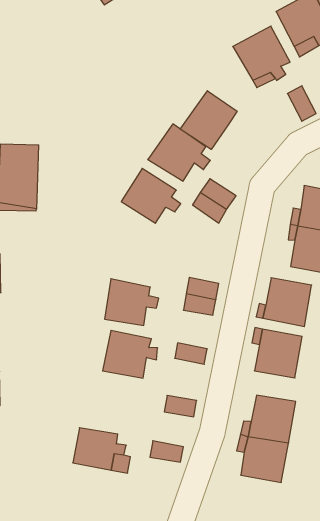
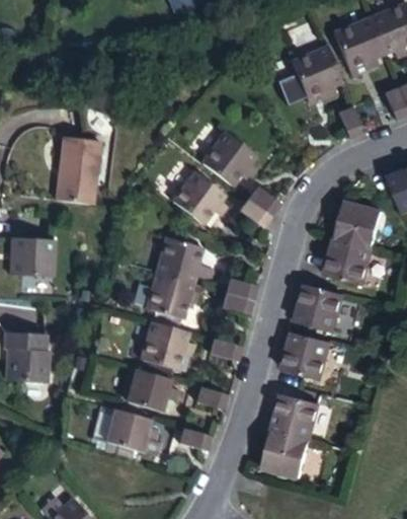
building: [180,91,237,149] -> none
building: none -> [156,236,207,283]
building: none -> [127,368,177,411]

